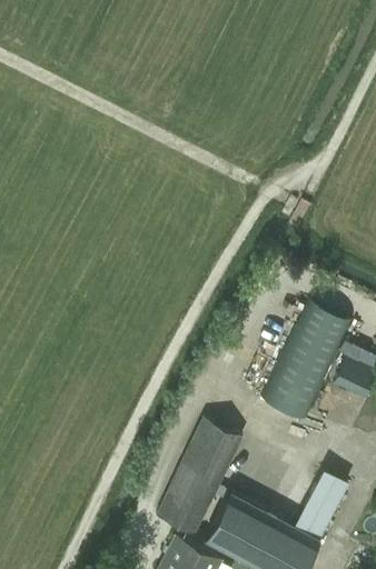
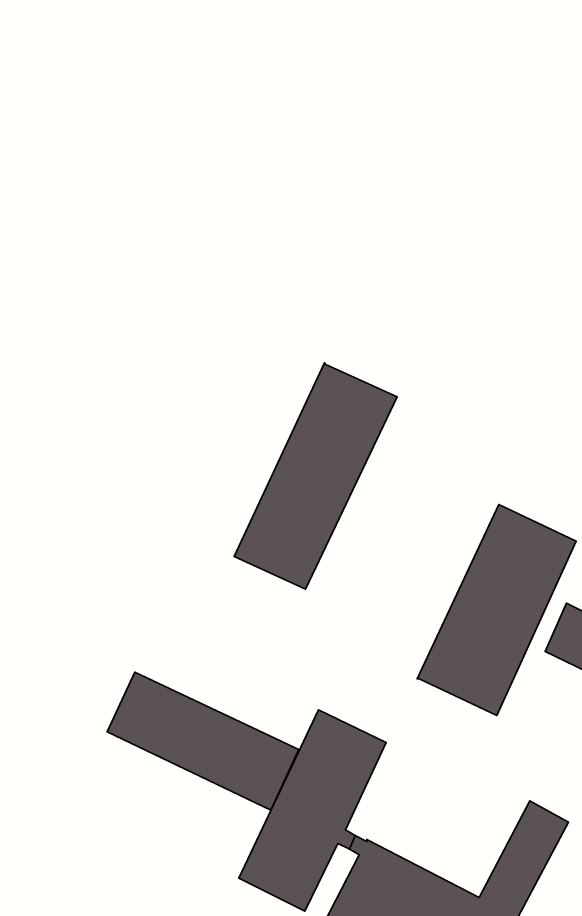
building: none -> [234,363,397,589]
building: none -> [107,672,300,810]

